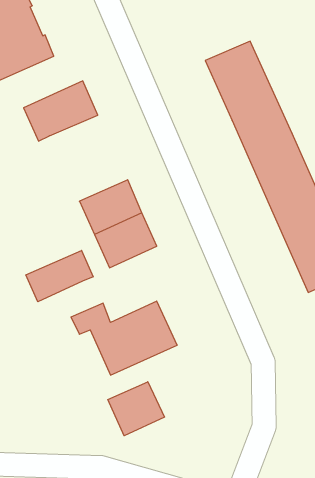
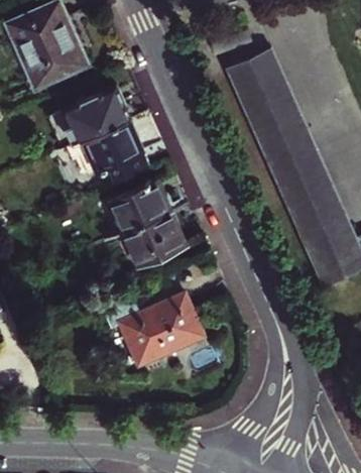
building: none -> [82,121,147,187]
building: [26,250,93,302] -> none
building: [108,382,165,436] -> none

